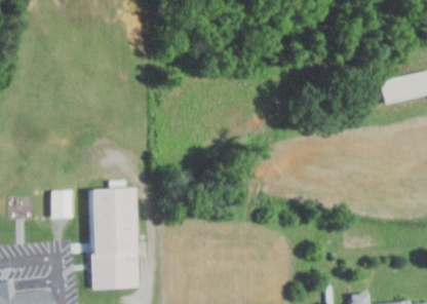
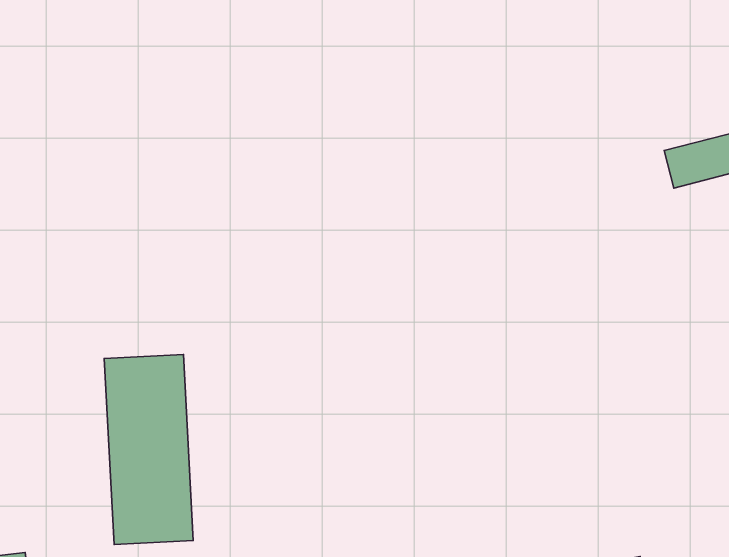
building: [49,189,72,218] -> none

